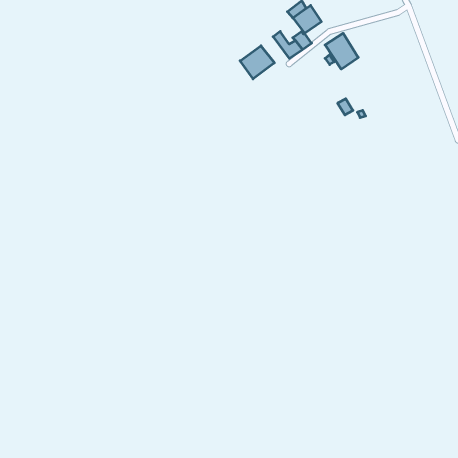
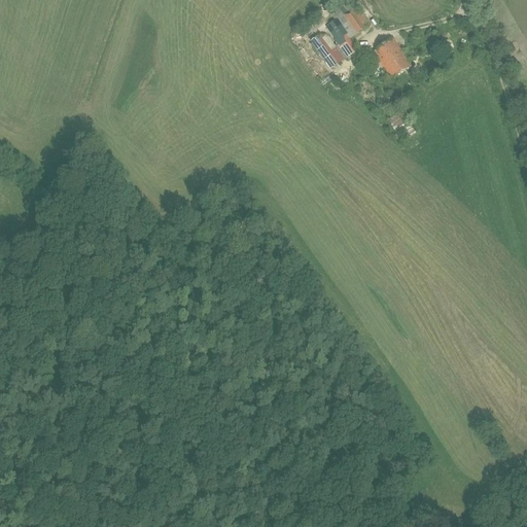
building: [240,46,274,79] -> none

